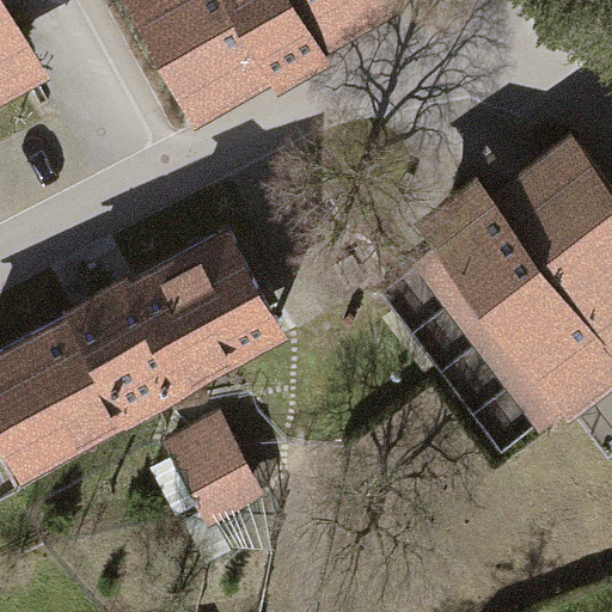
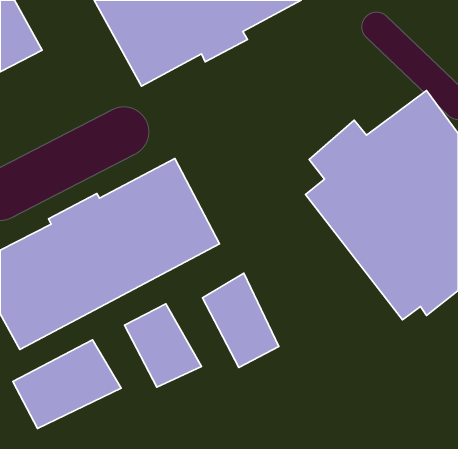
building: none -> [202,273,279,367]
building: none -> [13,340,121,429]

